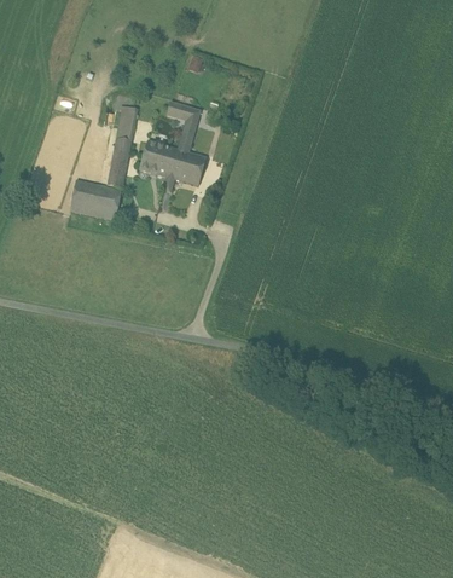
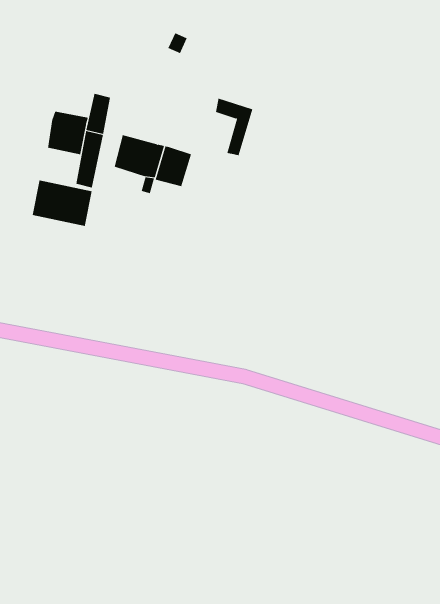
building: [167,102,199,151] -> [215,98,253,156]
building: none -> [47,111,88,155]

